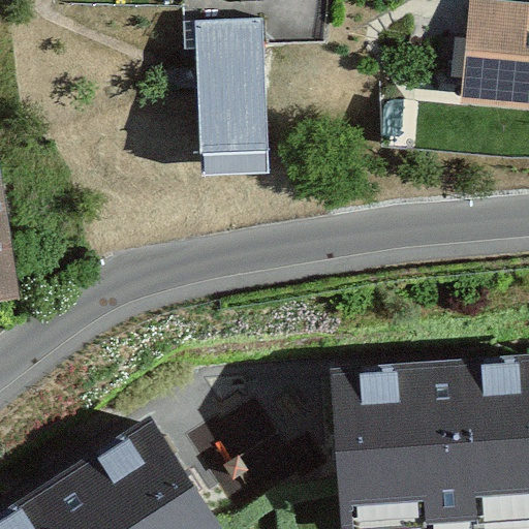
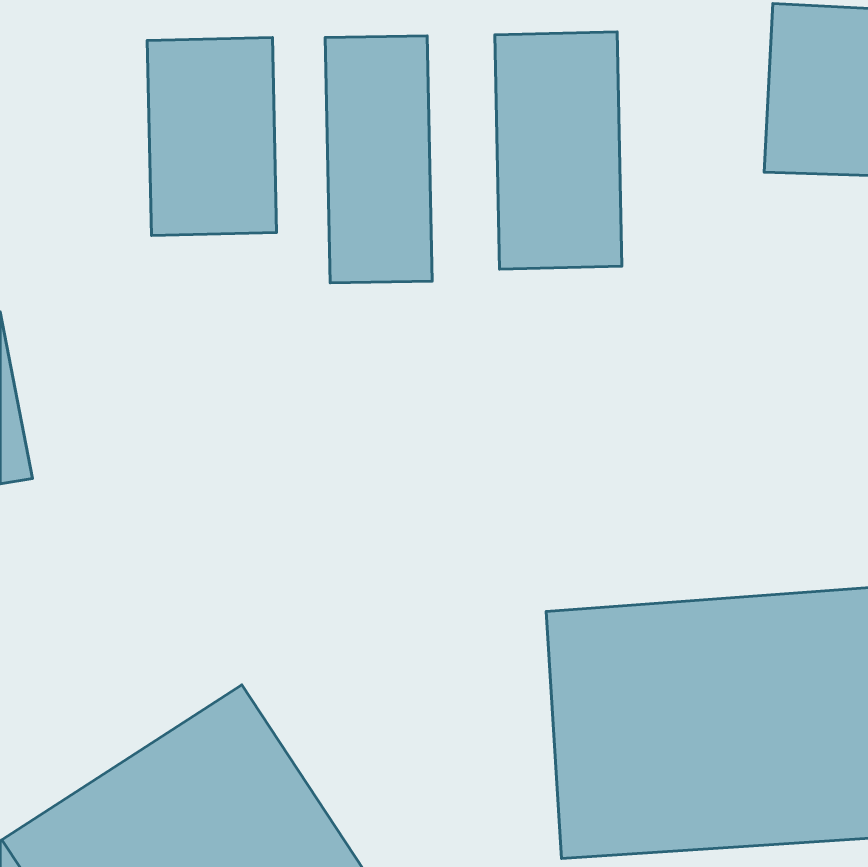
building: none -> [495,32,622,269]
building: none -> [147,37,276,236]

